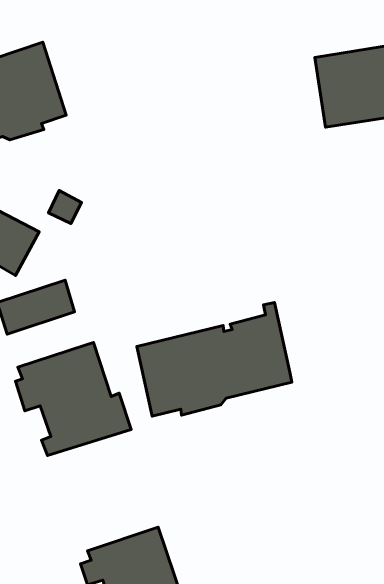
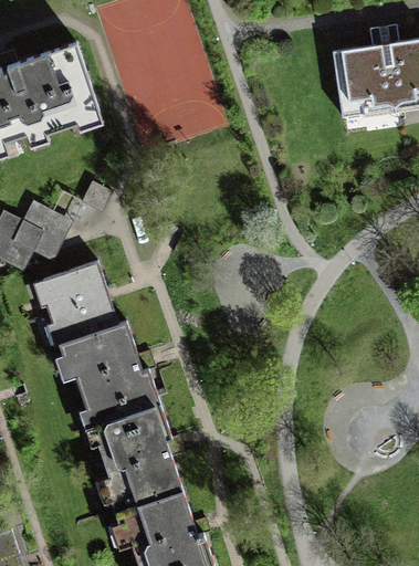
building: [137,302,292,416] -> none
building: none -> [44,294,118,346]
building: none -> [82,405,189,521]

